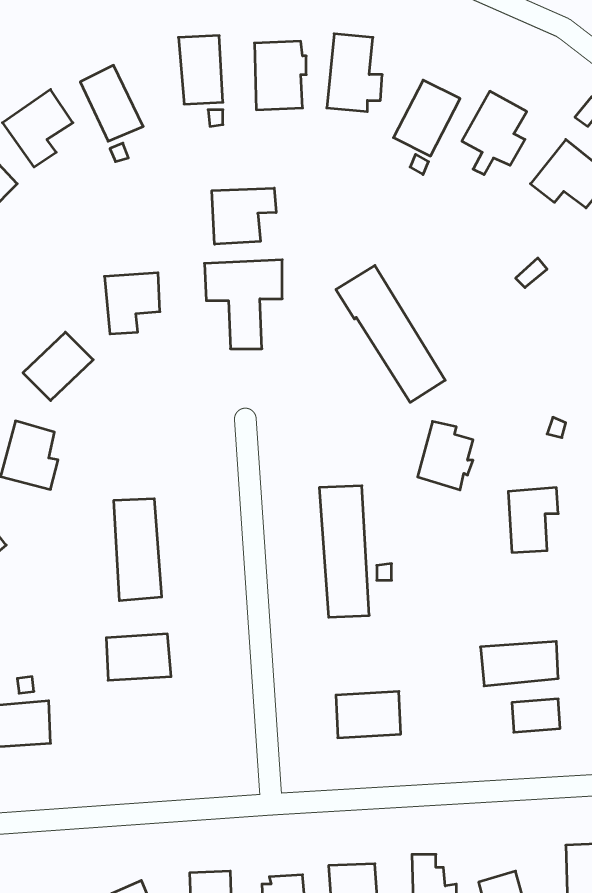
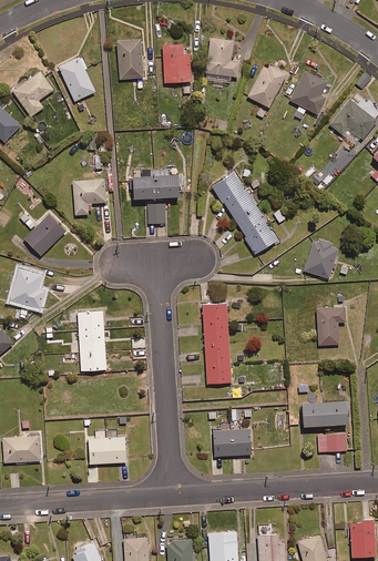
building: [212,188,276,244] -> none
building: [418,421,473,490] -> [304,238,337,279]
building: [106,634,171,680] -> [89,436,127,463]

